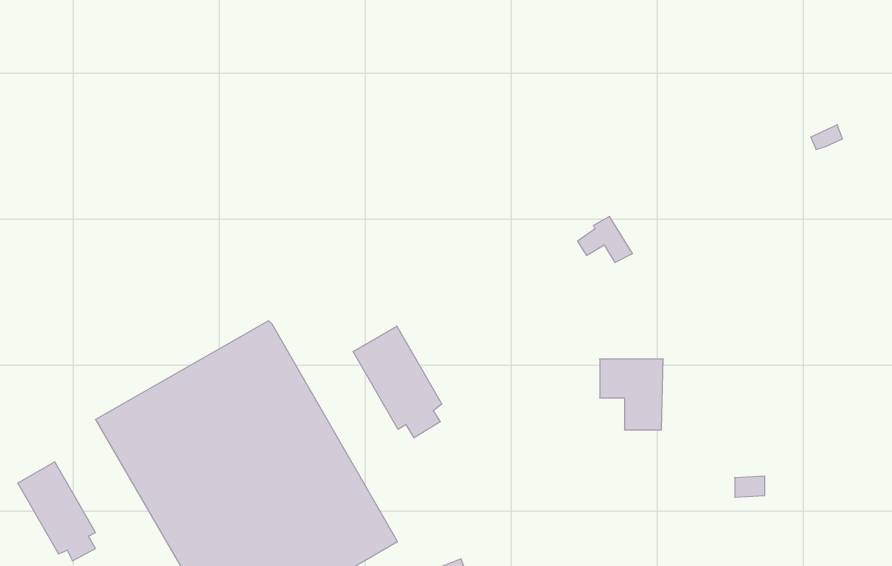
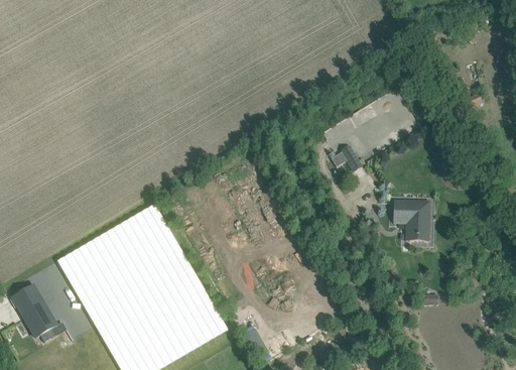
building: [353,326,442,438] -> none
building: [600,359,663,430] -> [393,201,429,241]

